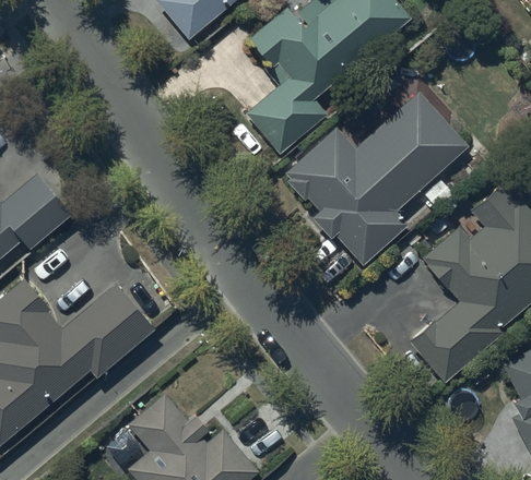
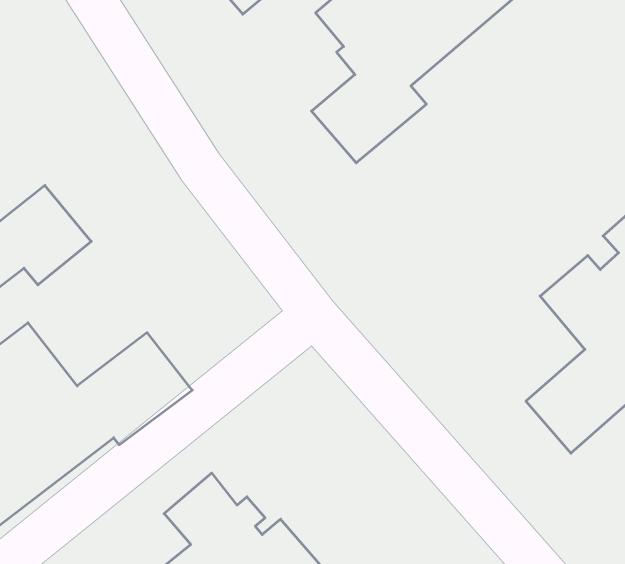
building: [287,93,468,265] -> none

